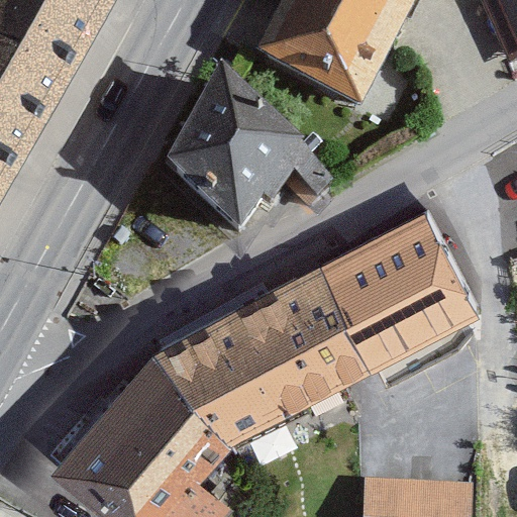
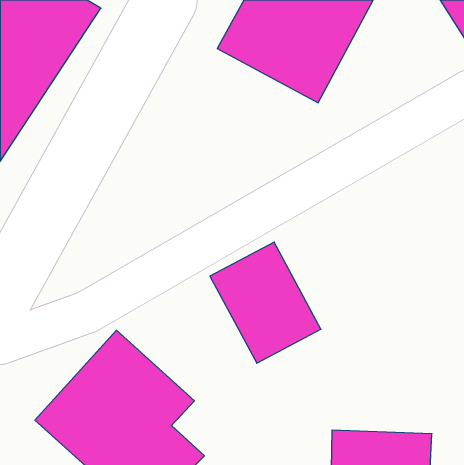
building: [173,62,339,232] -> none
building: [318,214,463,356] -> none
building: [162,309,277,439] -> none

